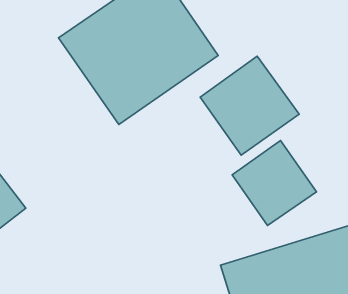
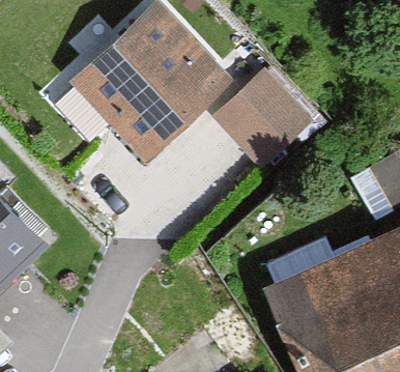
building: [232,141,317,226] -> none

